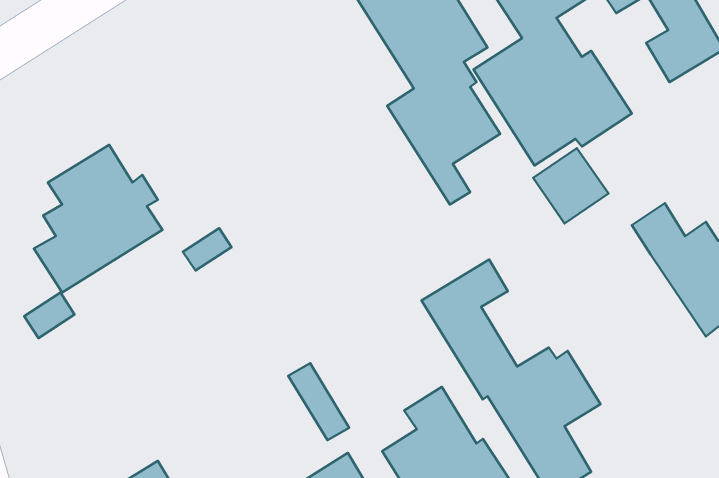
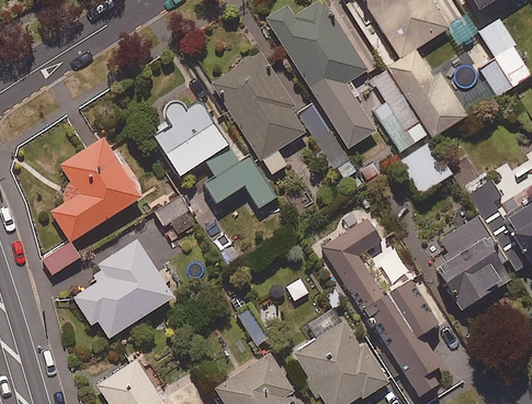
building: none -> [211,50,305,176]
building: none -> [149,101,276,209]
building: none -> [439,215,509,310]
building: none -> [73,239,173,339]

